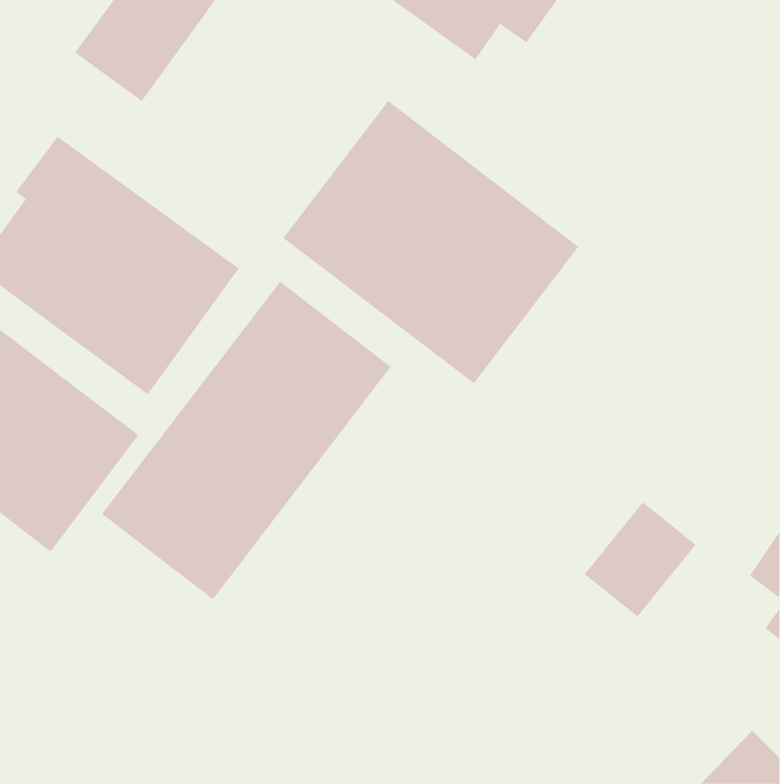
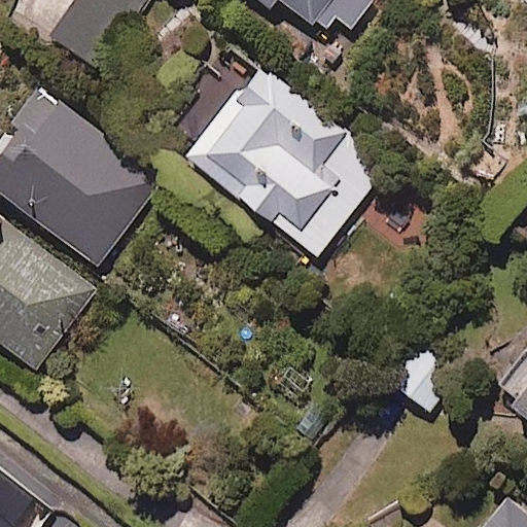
building: [101,281,392,600] -> none

